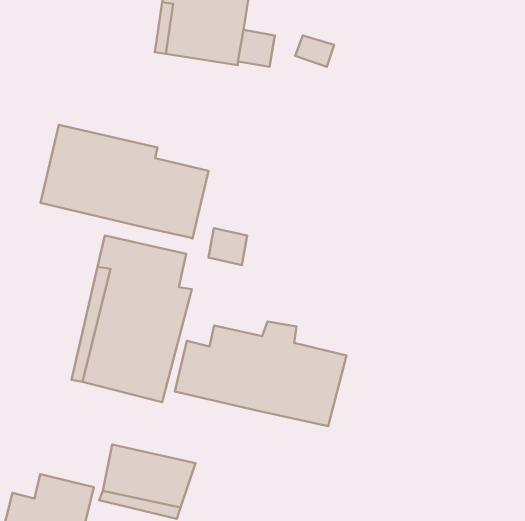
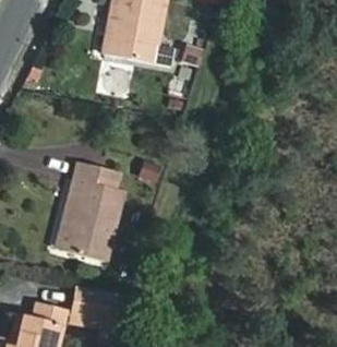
building: [40,125,209,239] -> none
building: [175,321,347,426] -> none

